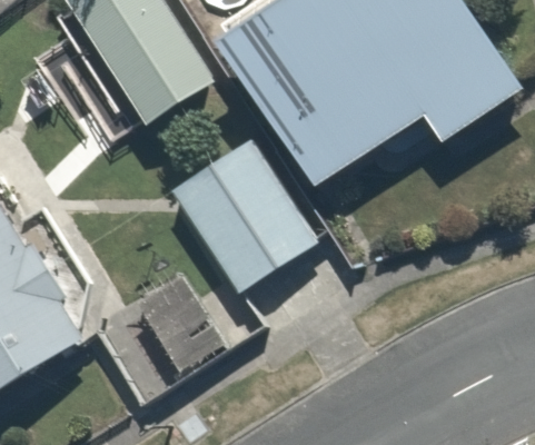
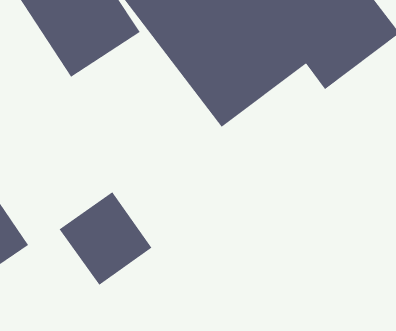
building: [161,130,325,299] -> none

